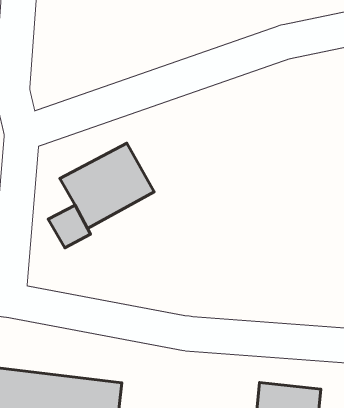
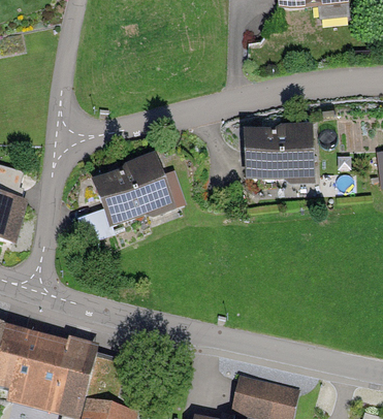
building: none -> [244,124,311,176]

